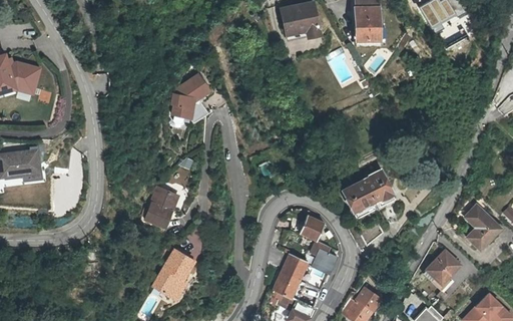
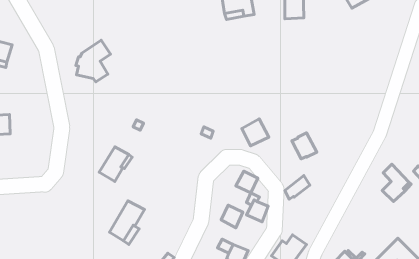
building: [169,72,209,120] -> [76,40,111,82]
building: [343,180,374,211] -> [242,119,269,146]
building: [427,251,459,283] -> none
building: [274,271,299,297] -> none

